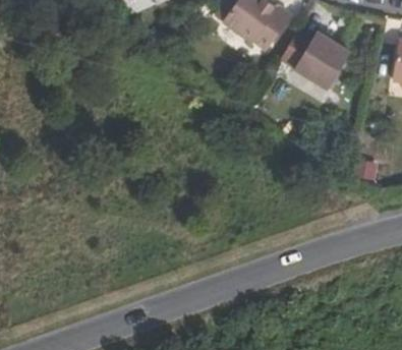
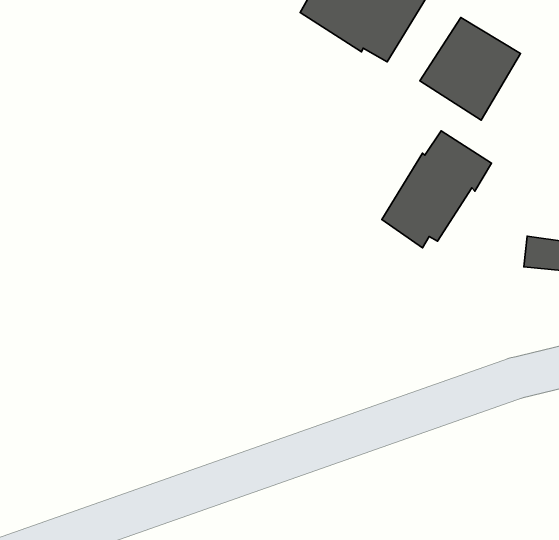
building: none -> [382,131,492,248]

